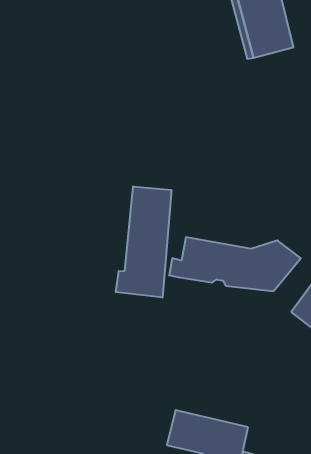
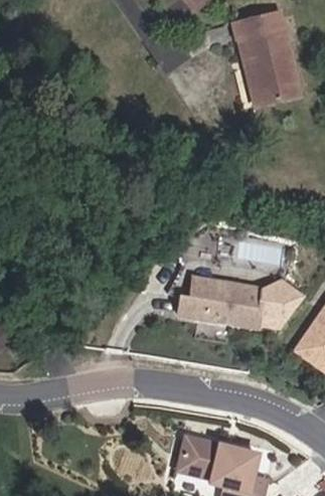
building: [116,186,171,298] -> none

